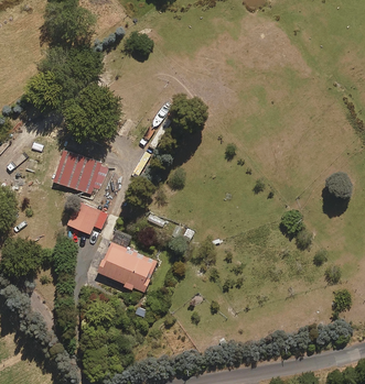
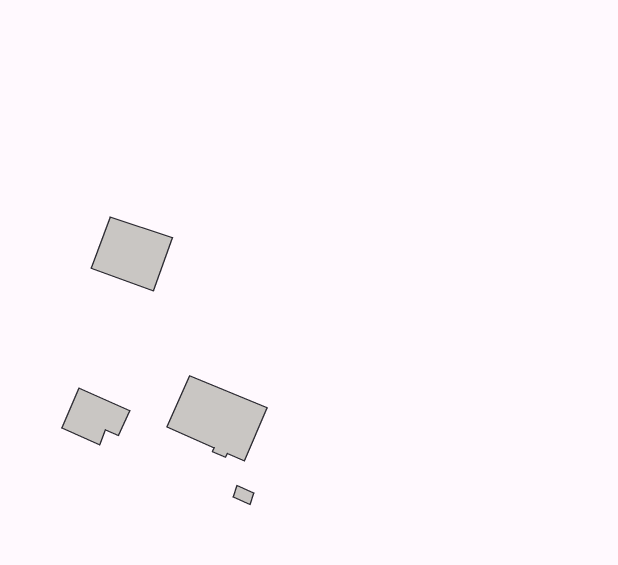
building: [69,201,109,234] -> [62,388,130,445]

